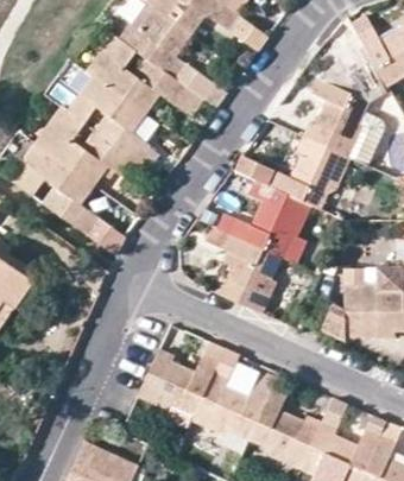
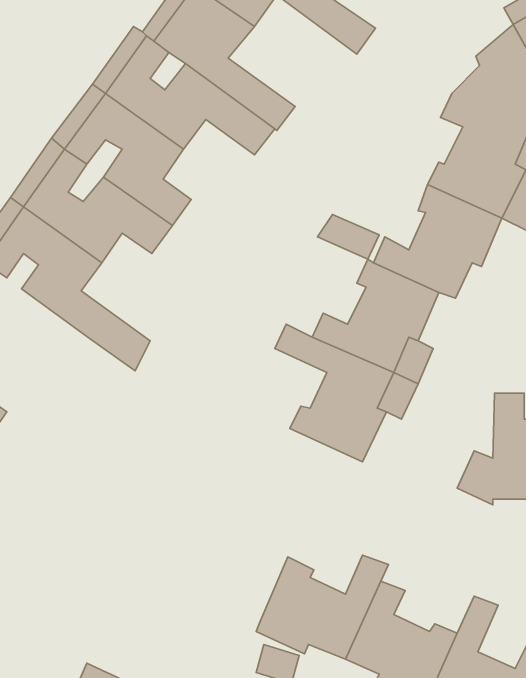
building: [138,349,217,414] -> none

